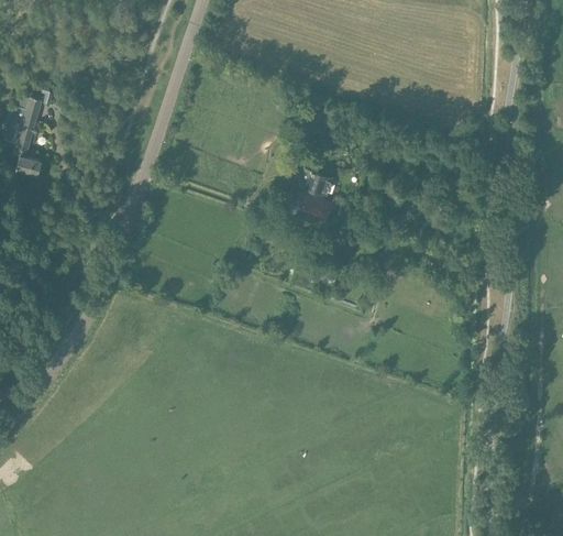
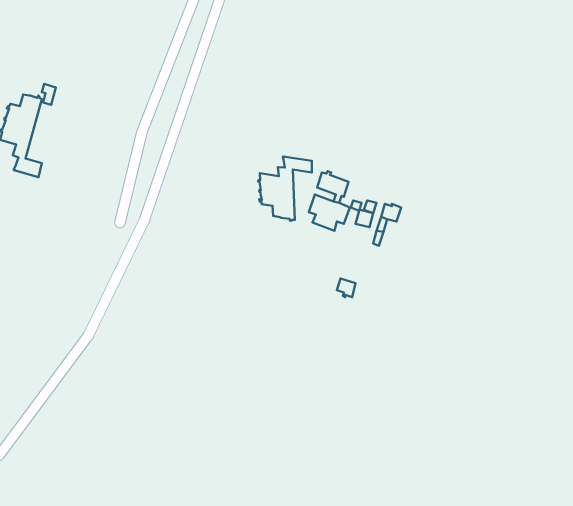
building: none -> [258,156,312,221]

